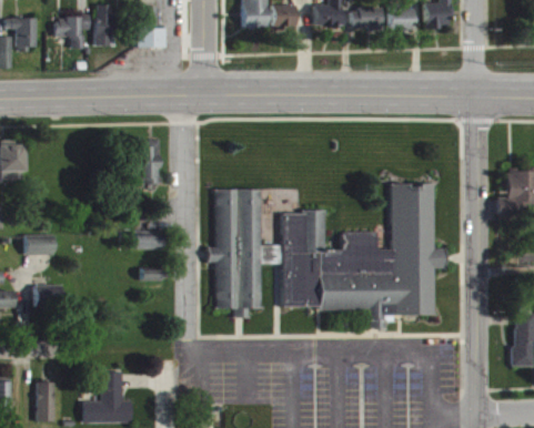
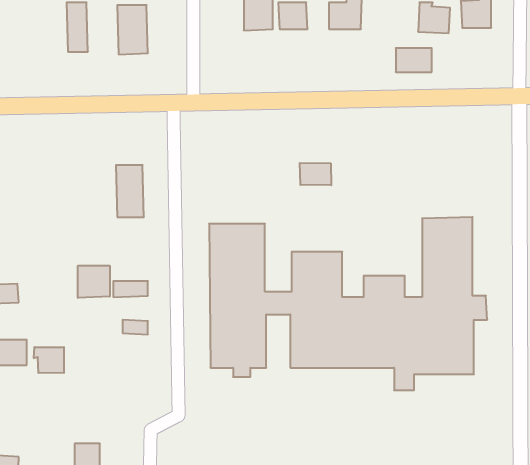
building: [351,8,381,28] -> [396,48,432,72]
building: [54,17,90,48] -> none
building: none -> [300,163,331,185]
building: none -> [78,266,110,298]
building: none -> [34,347,64,373]

